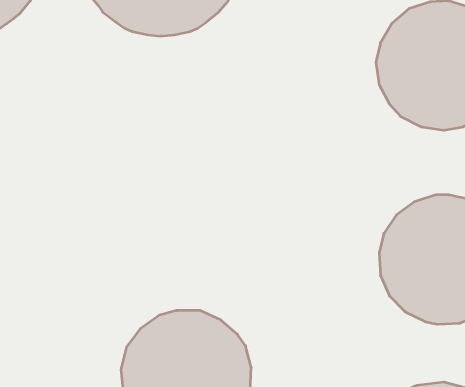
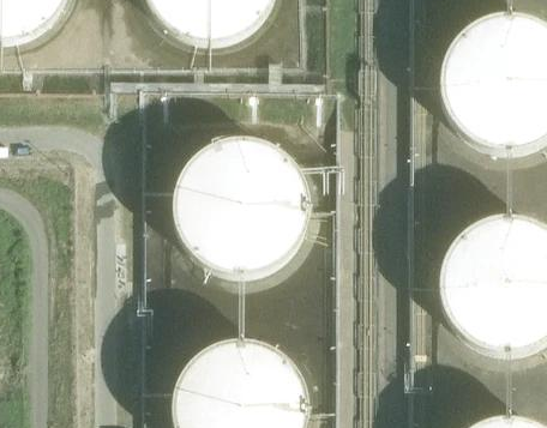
building: none -> [175,138,317,277]

